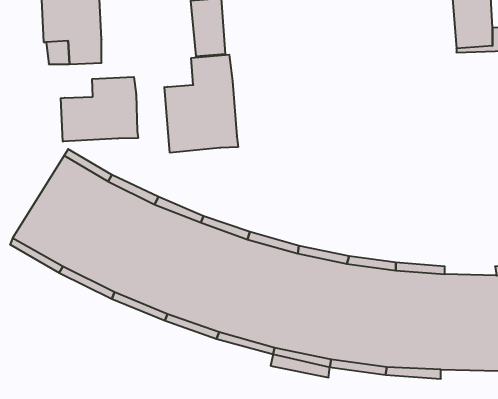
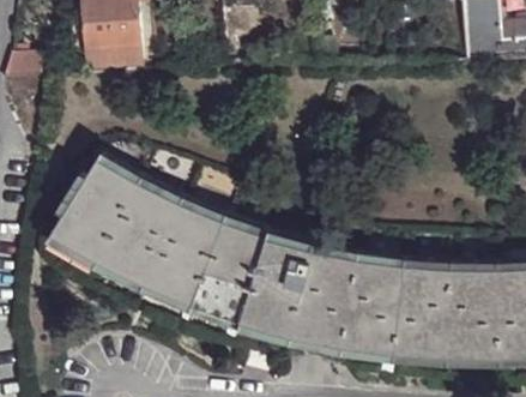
building: [164,55,238,153] -> none
building: [61,77,138,142] -> none

